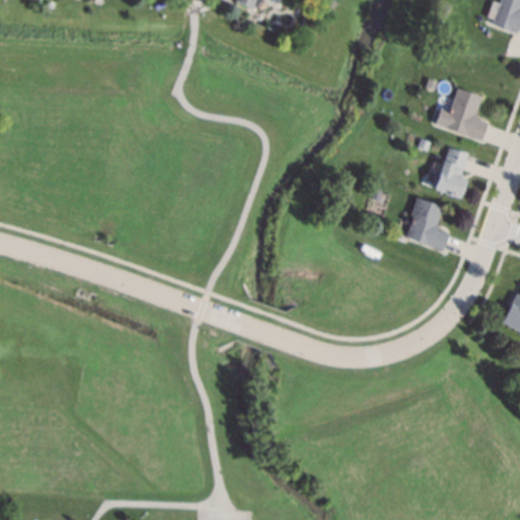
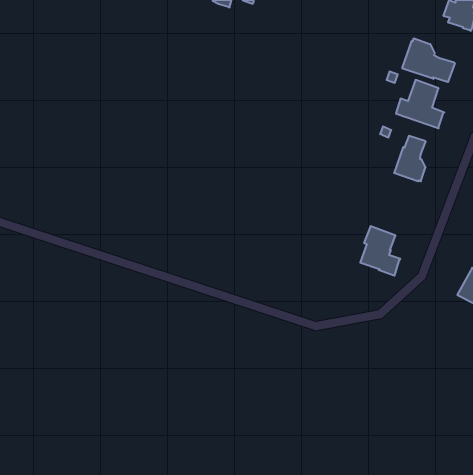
building: none -> [402,38,455,82]
building: [405,197,449,251] -> [360,226,400,276]

